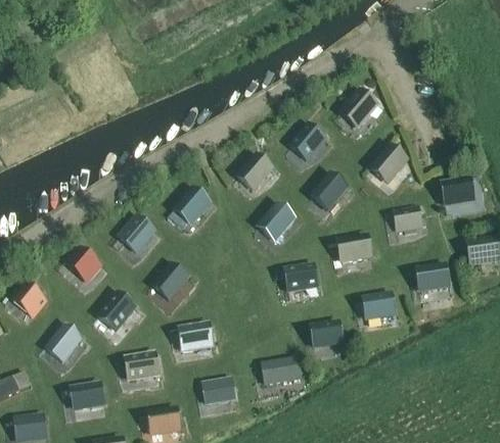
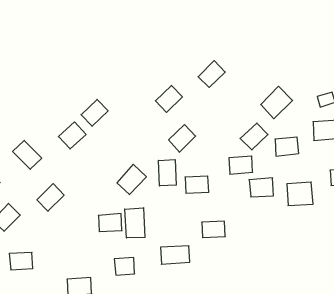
building: [342,92,377,128] -> none
building: [312,175,347,209] -> [240,123,268,150]
building: [176,189,210,224] -> [81,99,108,126]
building: none -> [158,160,176,186]
building: [153,263,190,302] -> [117,164,146,195]
building: [363,294,396,321] -> [249,178,273,197]
building: none -> [125,208,145,238]
building: [125,354,157,380] -> none

